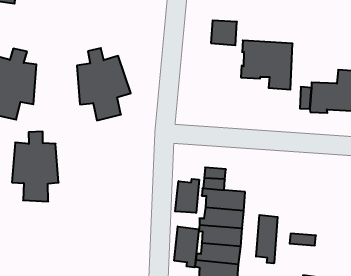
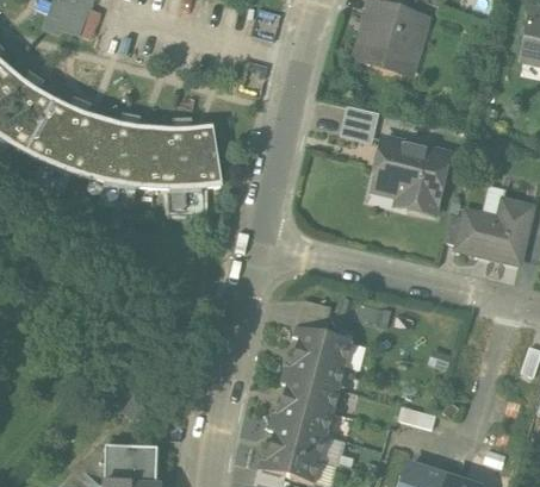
building: [12,132,59,201] -> [89,113,156,210]
building: [175,179,199,213] -> none
building: [256,215,278,263] -> none
building: [174,226,199,267] -> none

